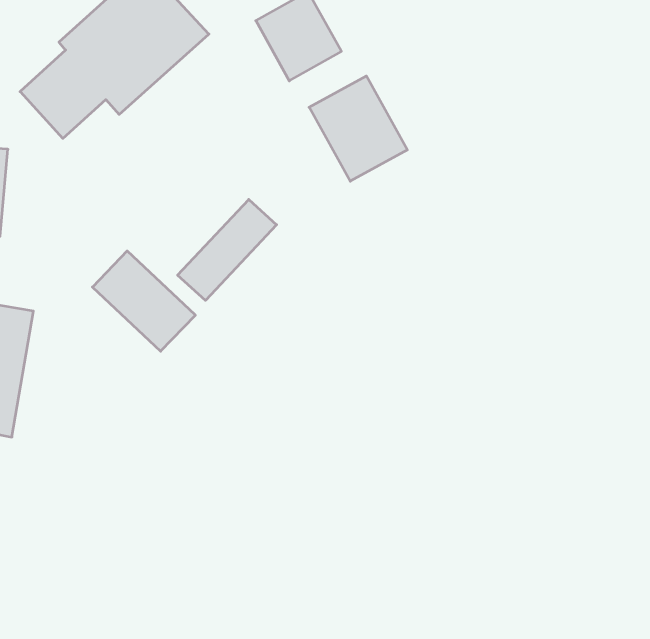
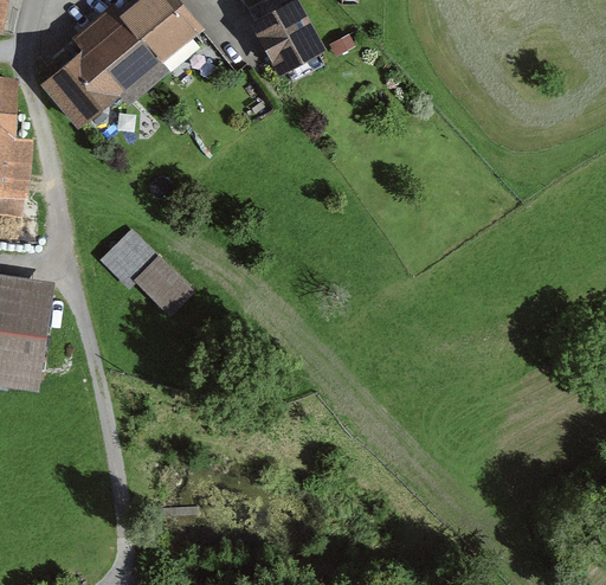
building: [309,76,407,181] -> none
building: [178,199,277,300] -> none

